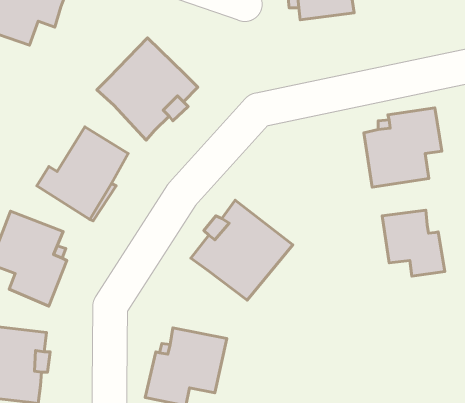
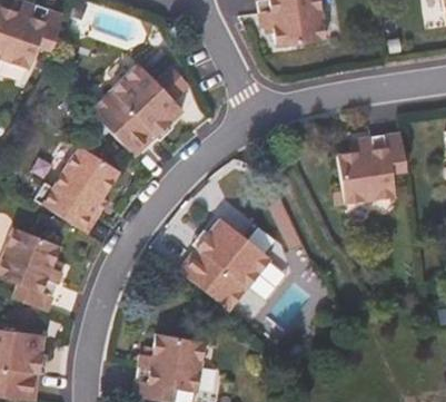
building: [382,210,445,276] -> none

